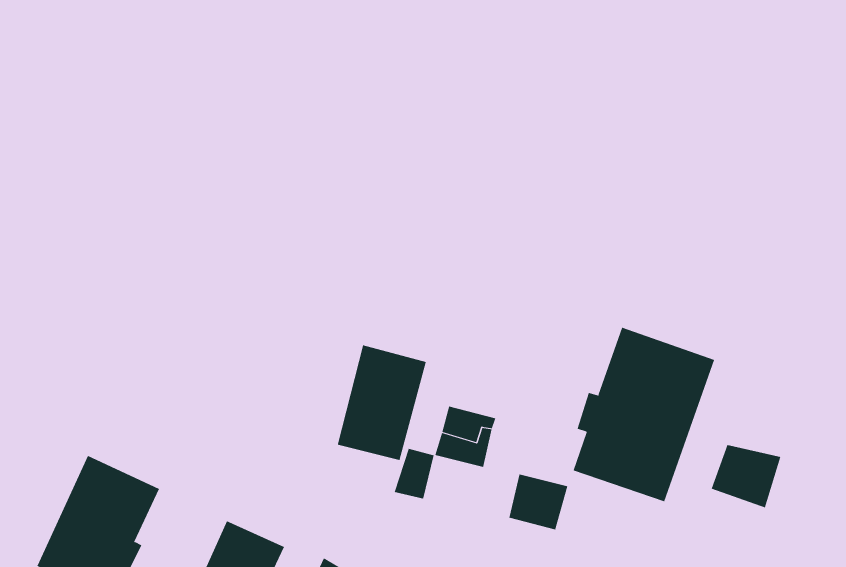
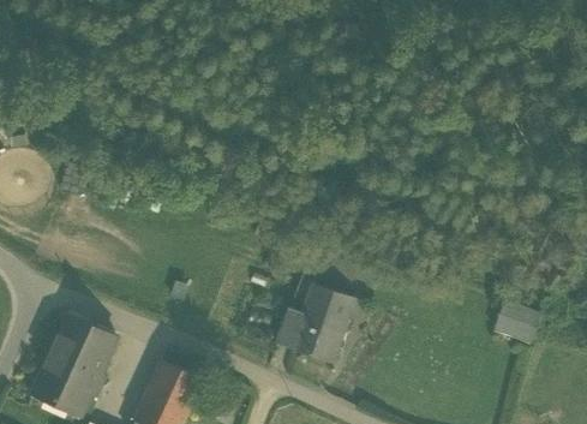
building: [573,327,715,502] -> none
building: [337,344,426,461] -> none
building: [508,474,568,530] -> [298,313,339,352]

